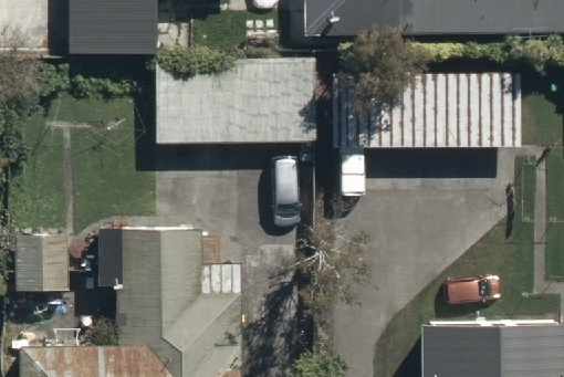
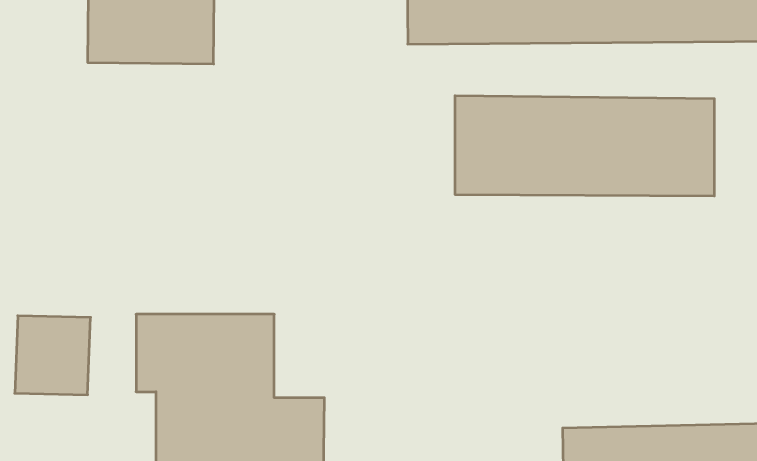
building: [159,63,315,139] -> none

